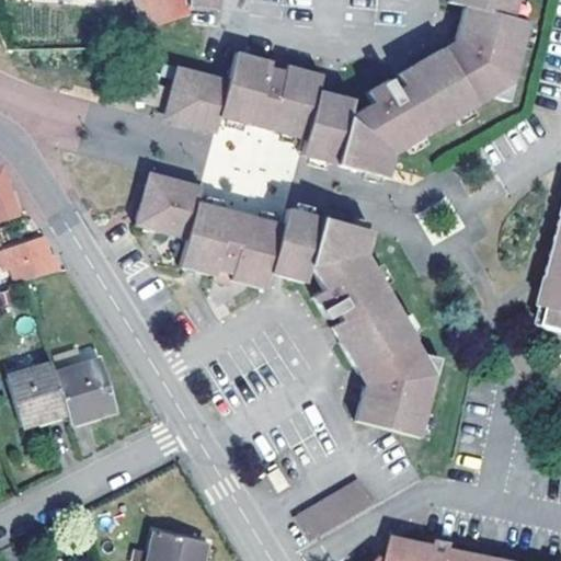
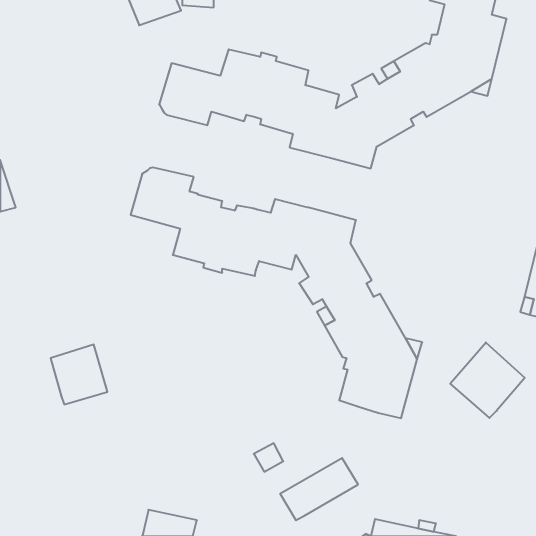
building: [10,238,58,280] -> none
building: none -> [450,342,525,418]
building: [8,363,66,425] -> none

